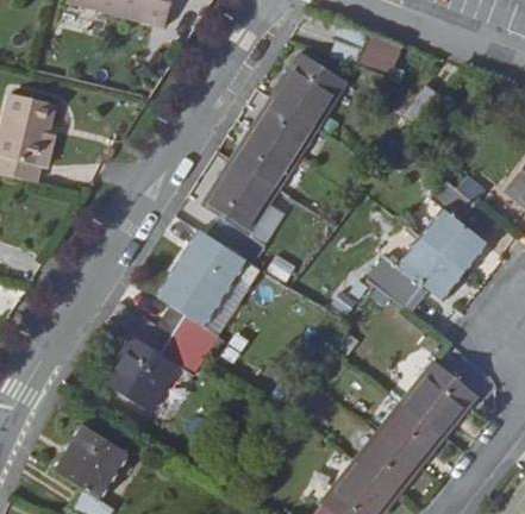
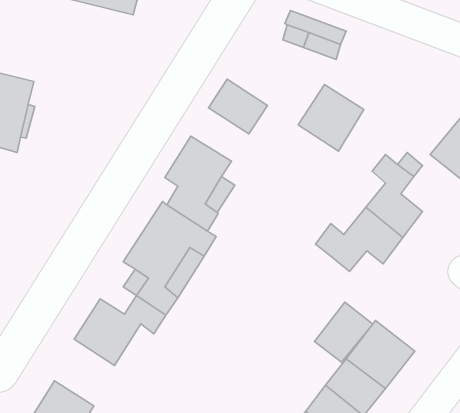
building: [270,55,342,127] -> [298,84,364,151]
building: [231,130,294,188] -> none
building: none -> [315,302,373,362]

